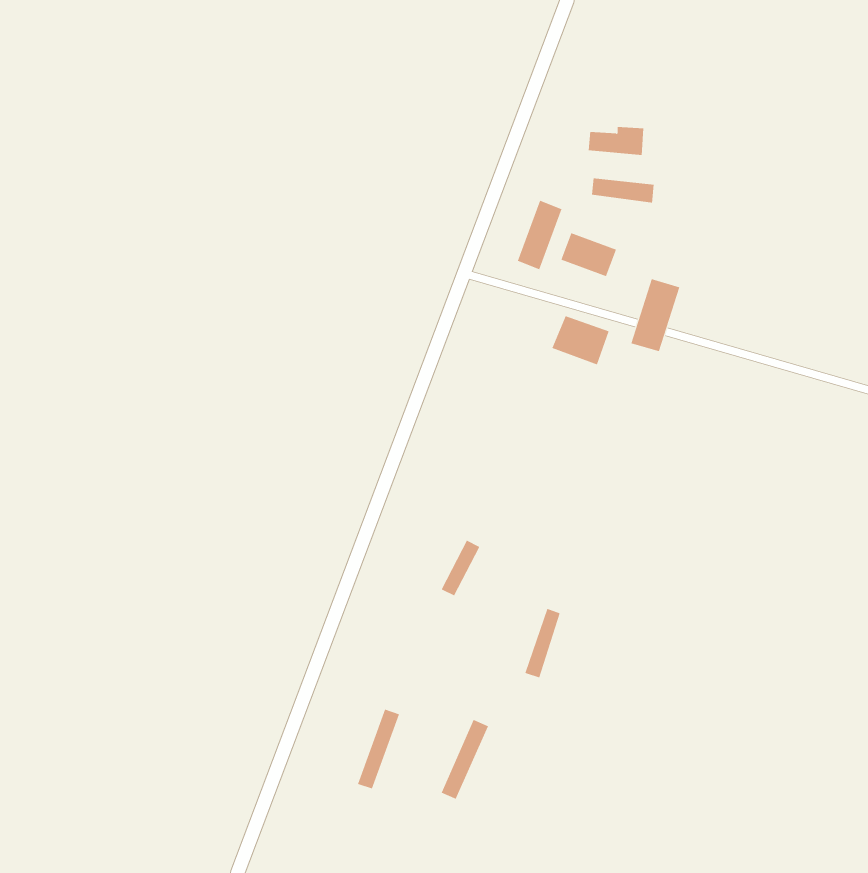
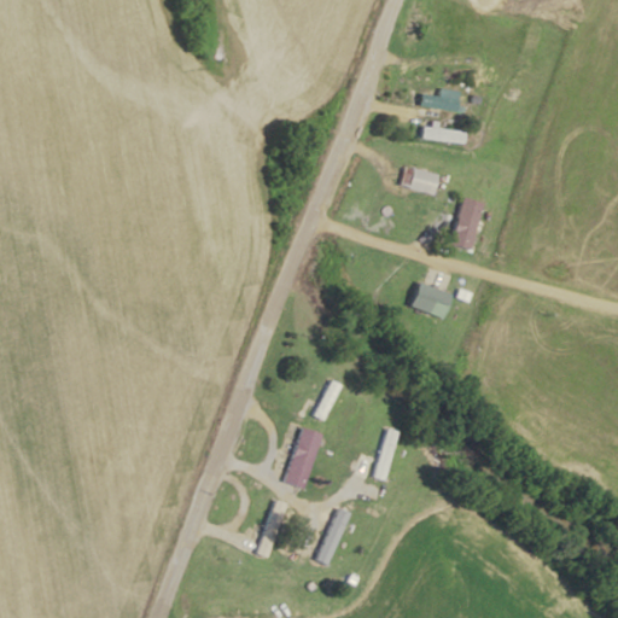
building: [517,200,562,270] -> none
building: [551,316,610,365] -> [409,282,450,317]
building: none -> [282,427,323,488]

